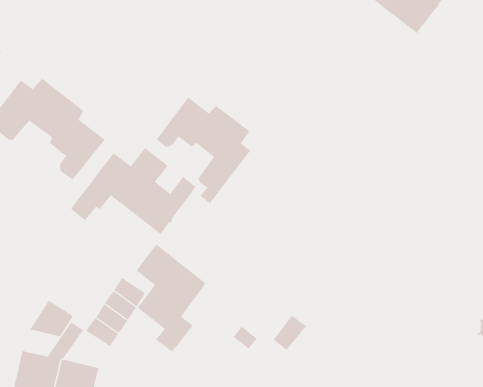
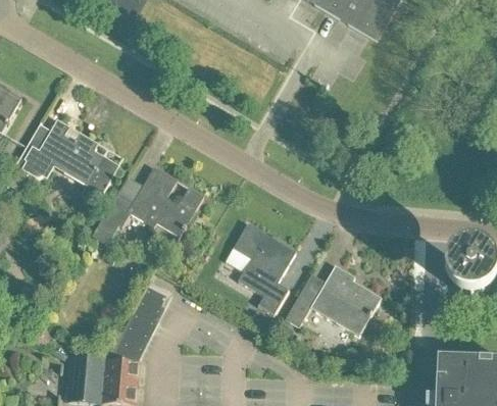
building: [156,97,251,204] -> none
building: [136,244,207,353] -> [234,222,296,314]
building: none -> [314,265,382,336]
building: [29,300,74,337] -> [110,332,147,362]

